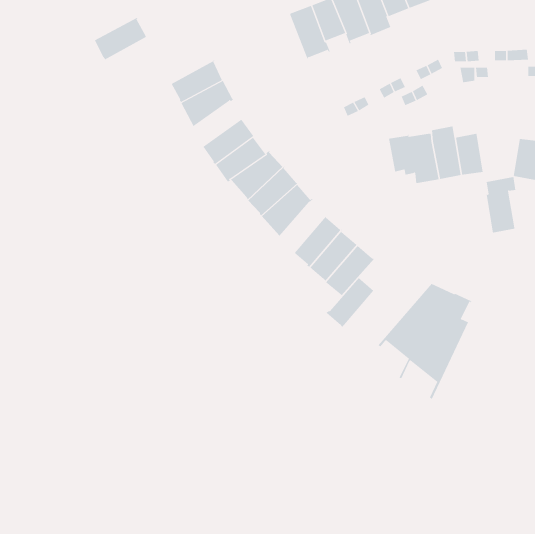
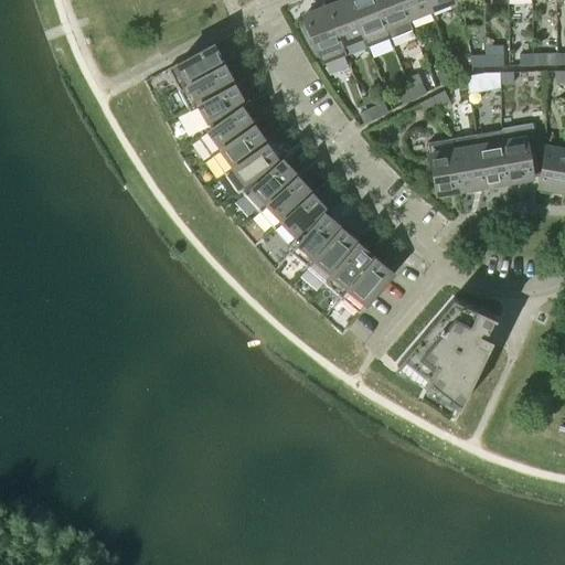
building: [94,17,147,60] -> [170,43,225,88]
building: none -> [201,106,256,154]
building: [486,176,516,233] -> [503,121,535,181]
building: [326,277,374,328] -> [292,213,343,266]

